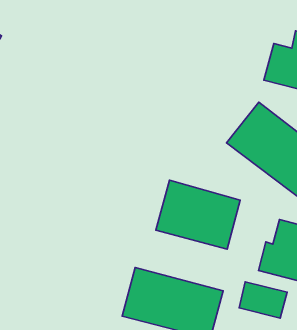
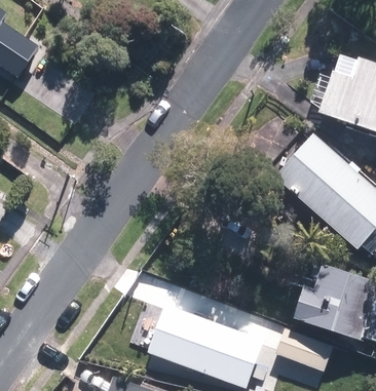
building: [156,180,240,249] -> none

